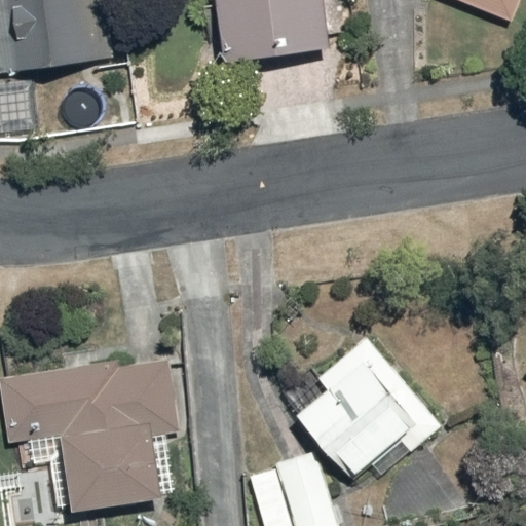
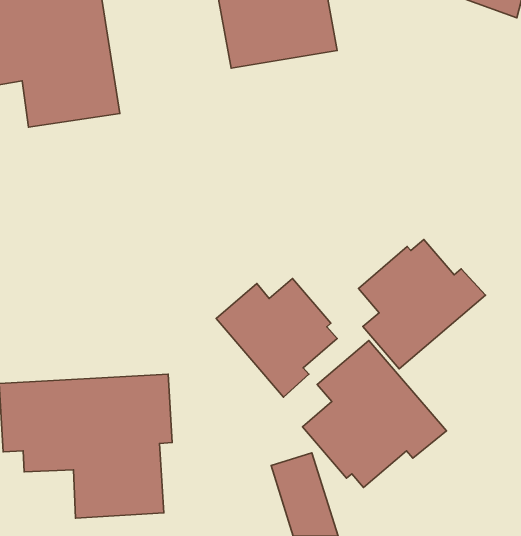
building: none -> [358,239,485,369]
building: none -> [216,278,337,397]

